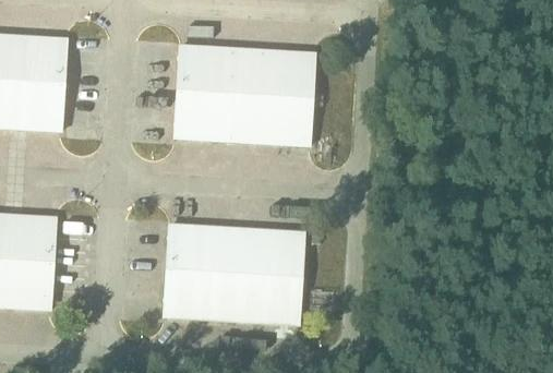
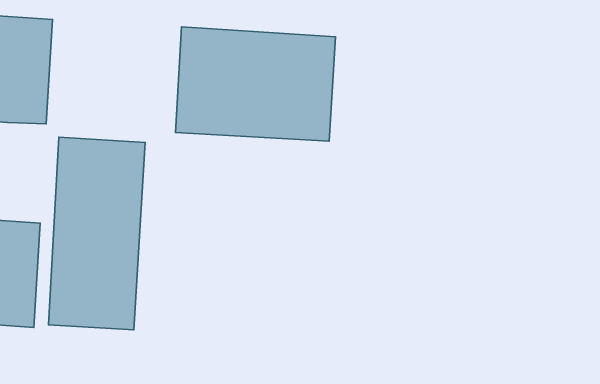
building: none -> [48,137,145,330]
building: [164,224,303,324] -> none

